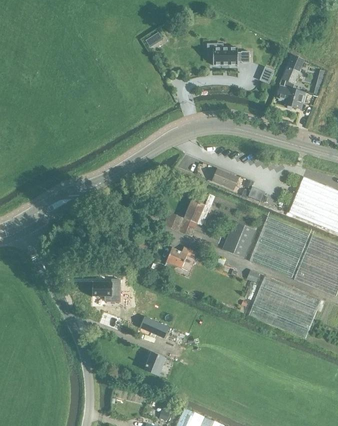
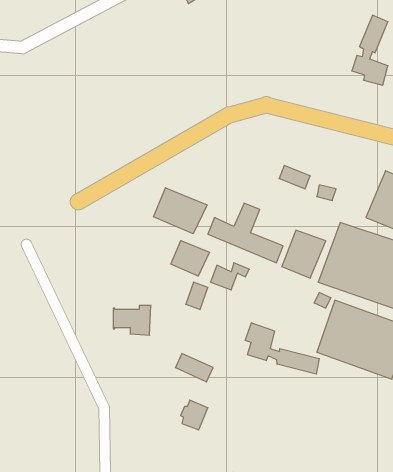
building: [210,49,247,67] -> none
building: none -> [154,188,207,234]
building: none -> [171,241,210,276]
building: none -> [245,323,319,374]

